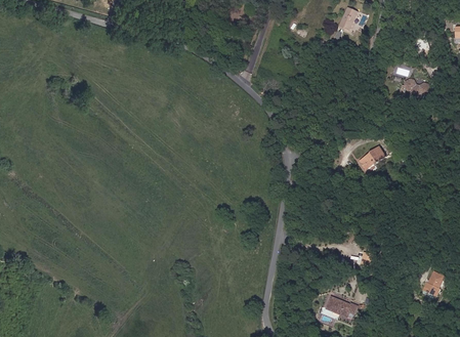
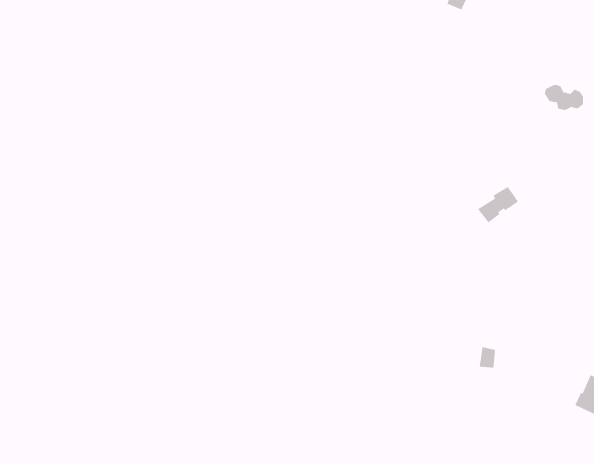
building: [325,295,358,318] -> none

